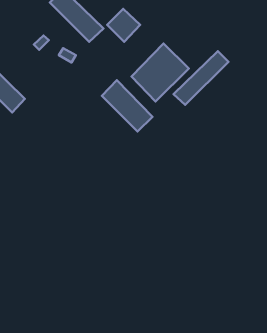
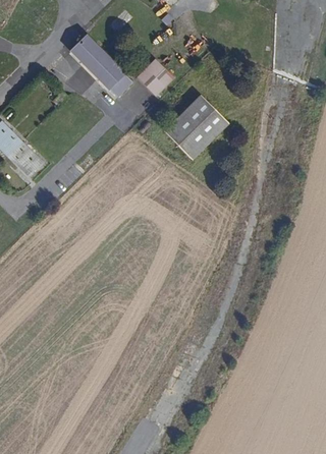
building: [174,51,228,105] -> none
building: [102,80,152,132] -> none

